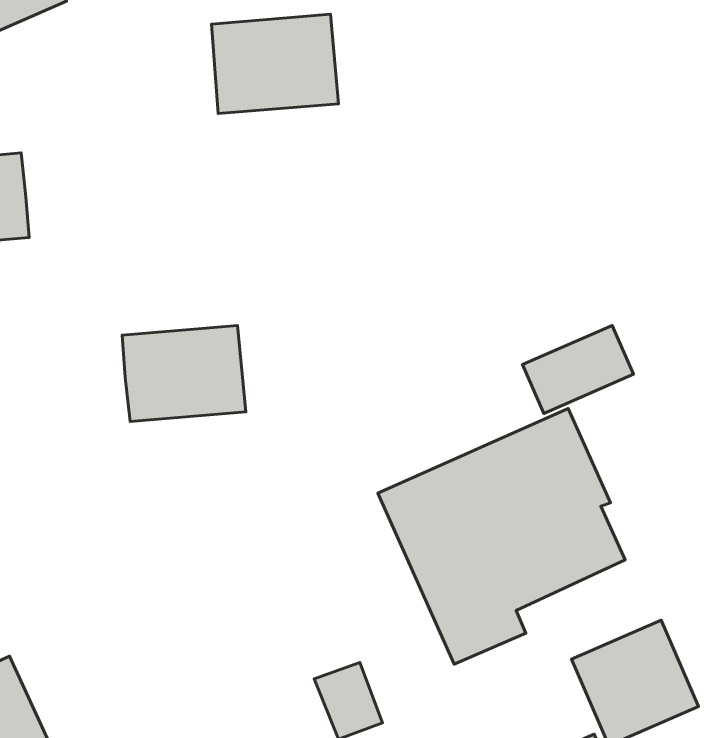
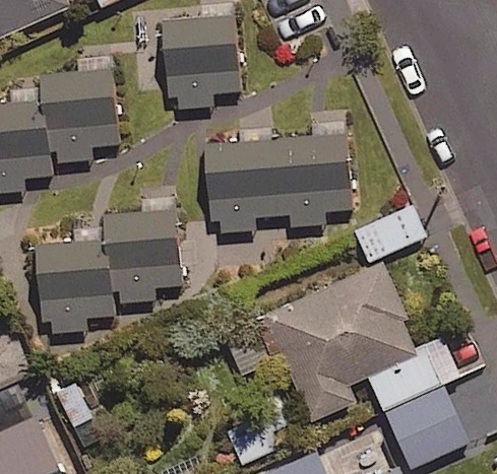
building: none -> [39,71,116,131]
building: none -> [203,135,351,202]
building: none -> [36,244,111,302]

